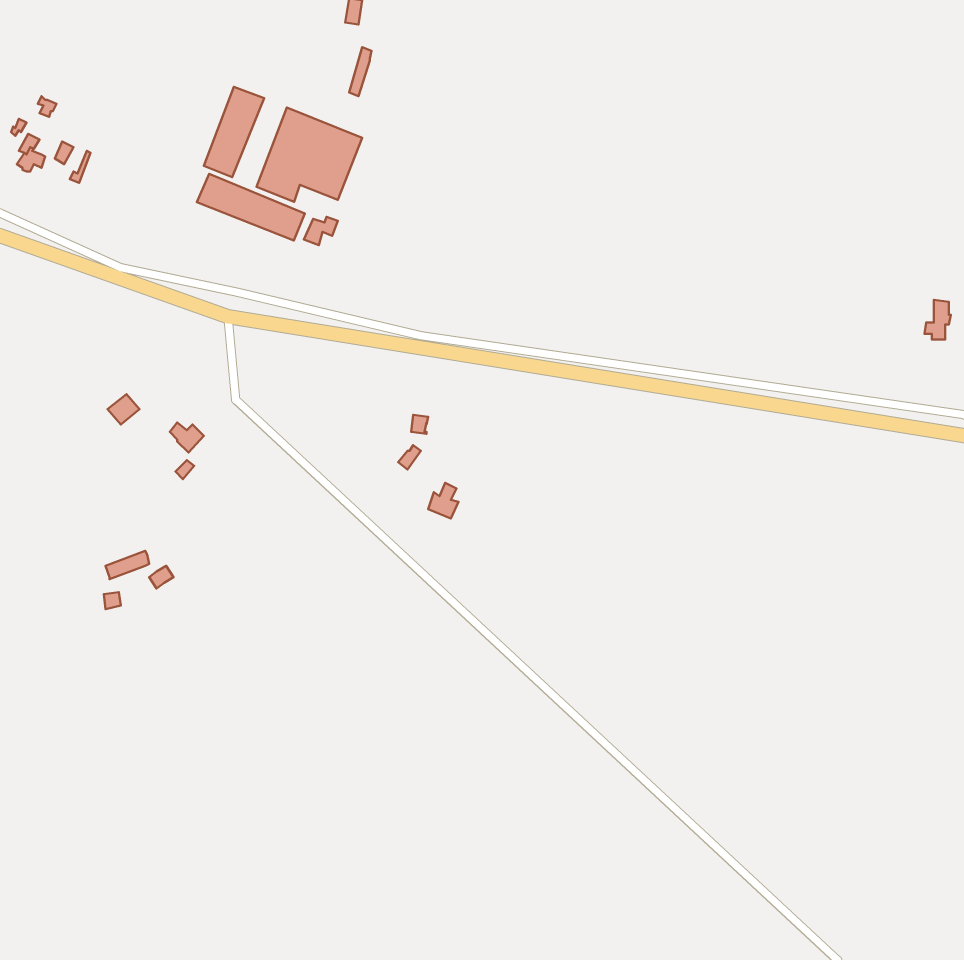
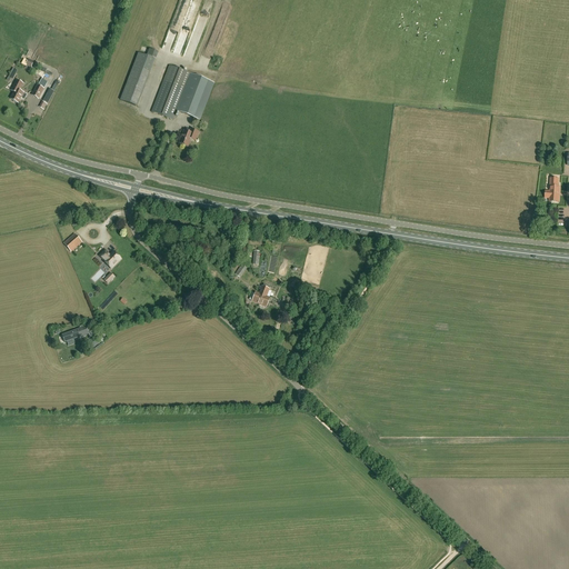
building: [197,174,305,240] -> none

